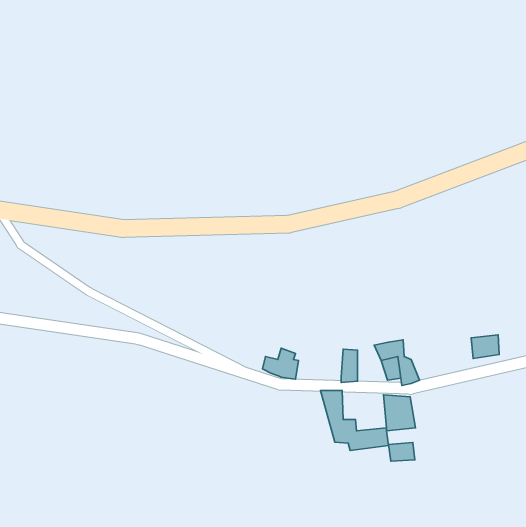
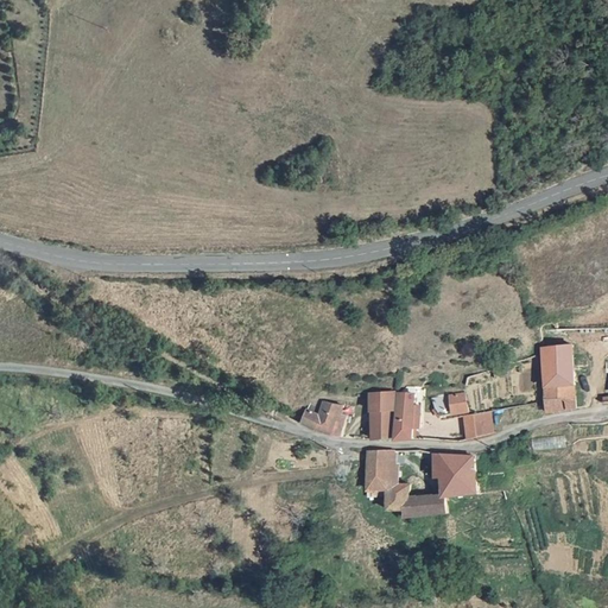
building: none -> [537,344,572,388]
building: none -> [368,387,392,438]
building: [388,443,415,461] -> none

